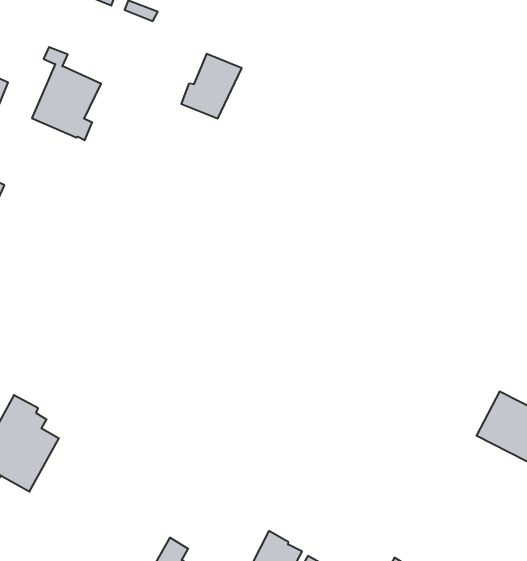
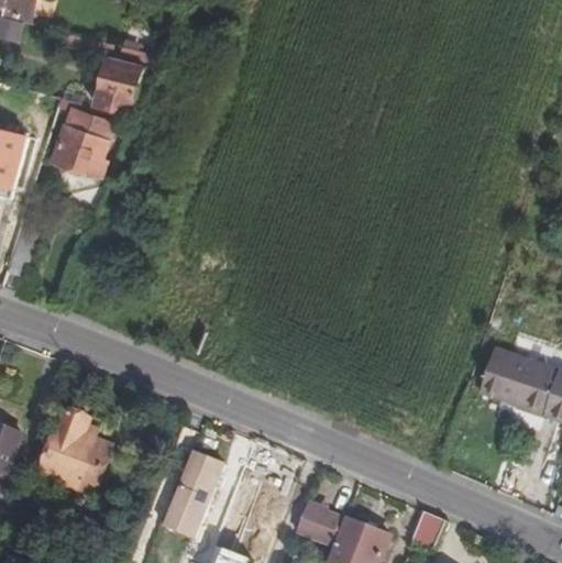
building: [181,54,242,119] -> [91,59,141,115]
building: none -> [163,450,224,537]

